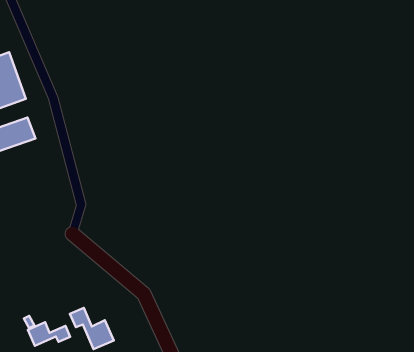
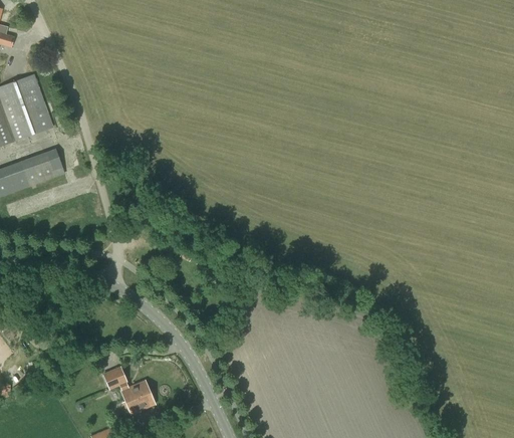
building: [28,322,70,346] -> none

